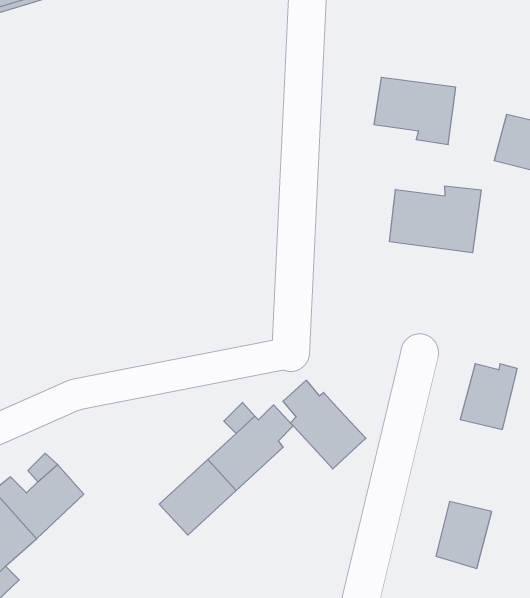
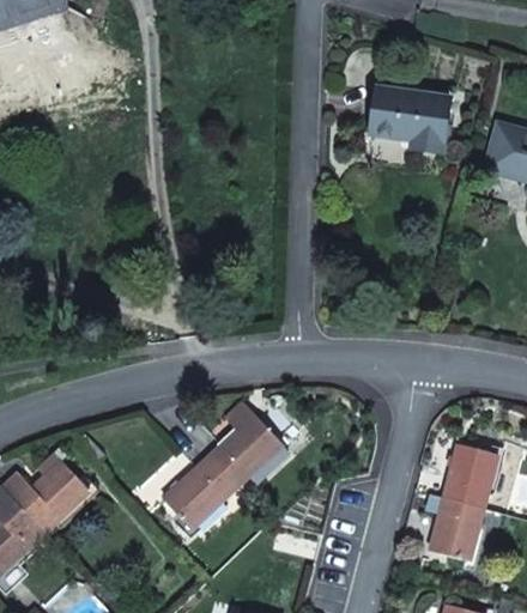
building: [390,186,481,253] -> none
building: [460,364,517,429] -> [442,444,497,508]
building: [283,380,366,469] -> none

